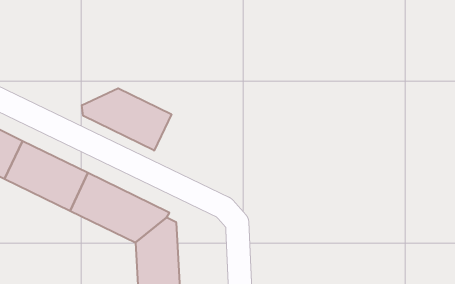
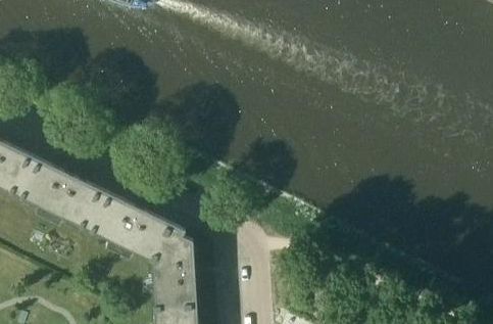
building: [82,88,171,151] -> none

